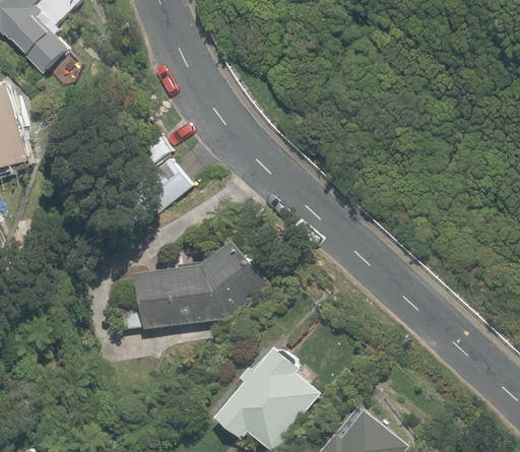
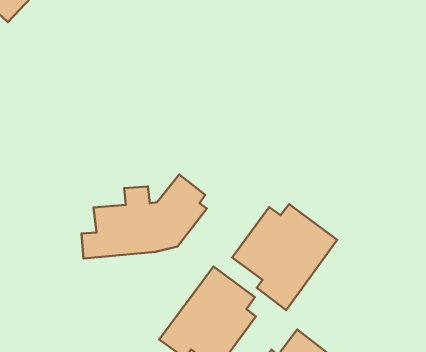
building: none -> [232,204,337,310]

